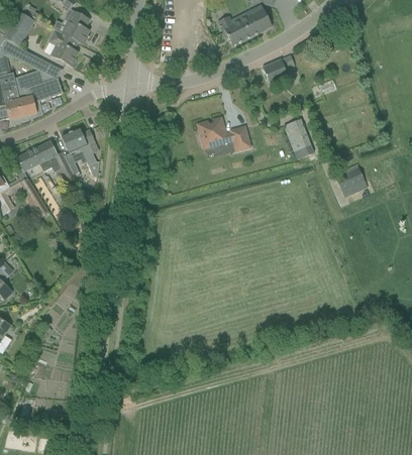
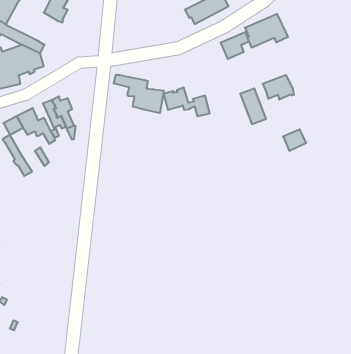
building: [49,29,77,66] -> none
building: none -> [245,14,288,48]
building: none -> [114,75,164,113]
building: none -> [263,75,294,100]

